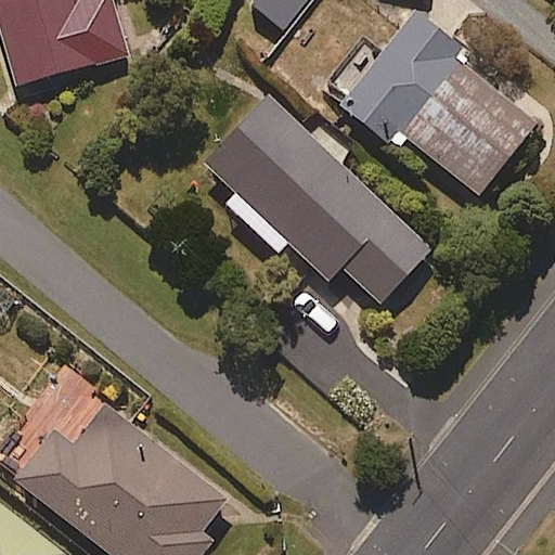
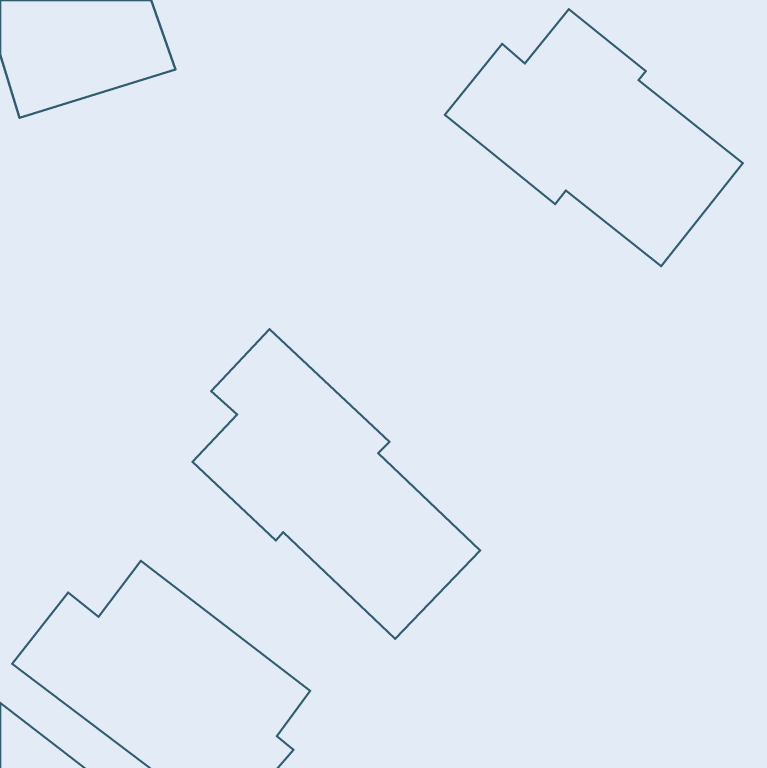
building: [202,93,431,302] -> none
building: none -> [192,329,480,639]

